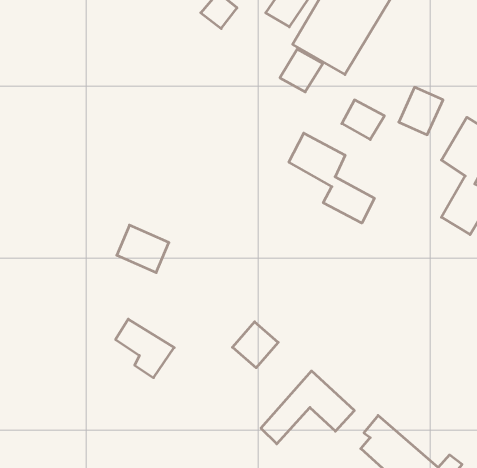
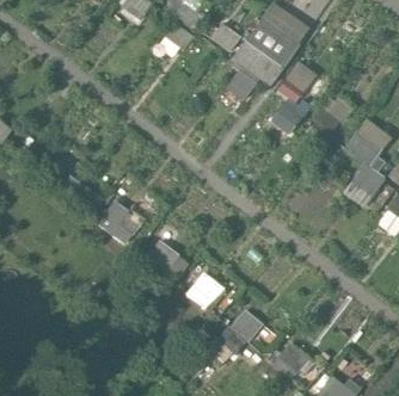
building: none -> [276,62,318,110]
building: [289,133,374,223] -> none
building: [116,319,174,378] -> [147,240,191,284]

